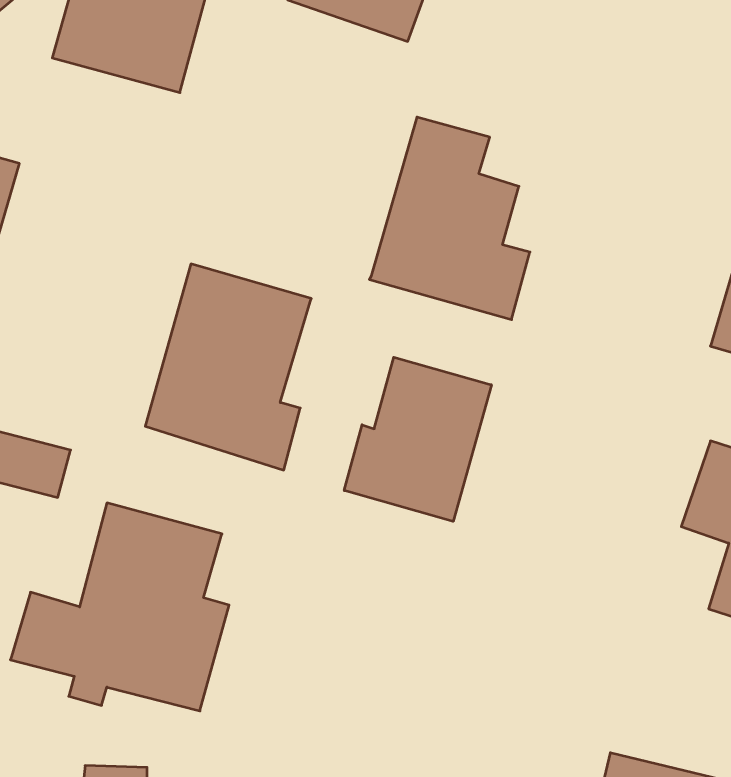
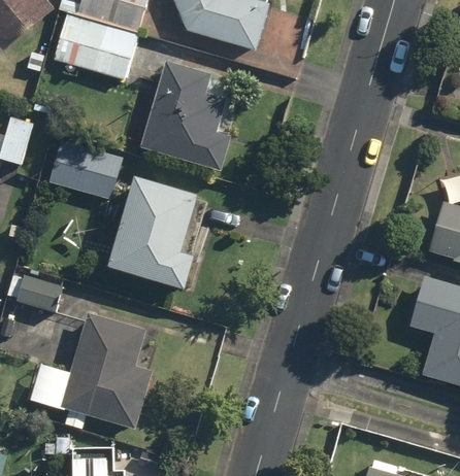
building: [369,117,530,320] -> [140,58,231,172]
building: none -> [45,136,122,198]
building: [344,357,491,521] -> none

